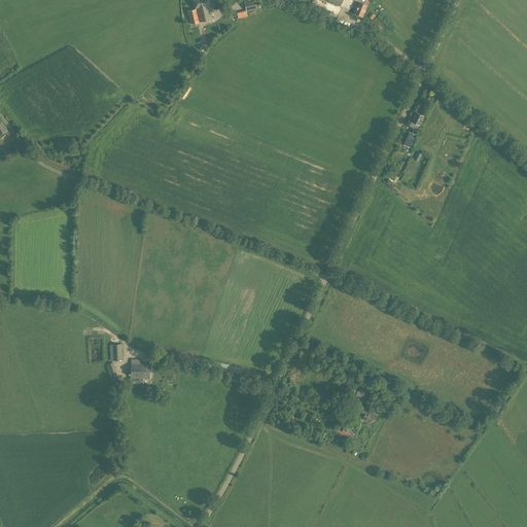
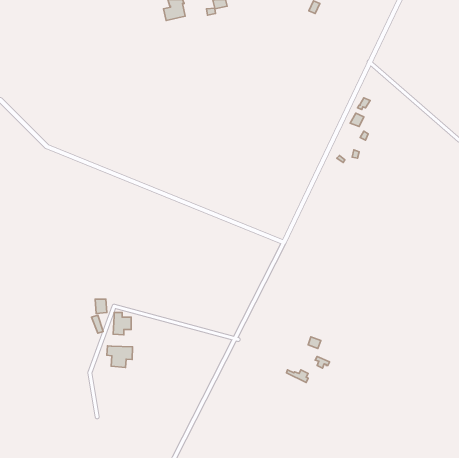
building: none -> [107,346,132,368]

